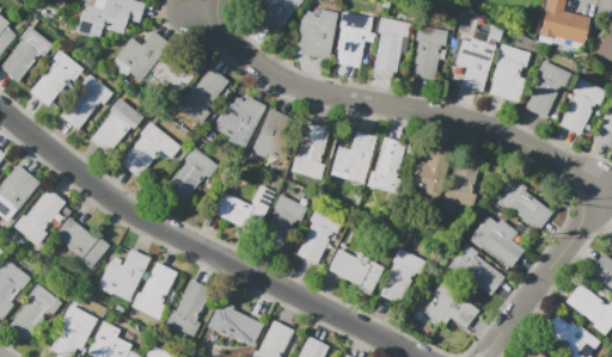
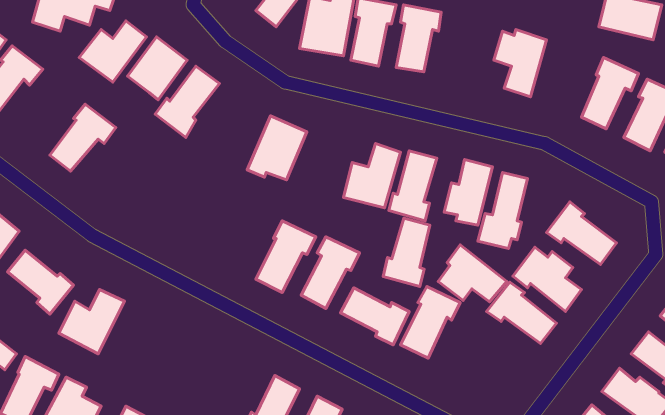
building: [411,25,448,80] -> none
building: [490,44,531,101] -> none
building: [59,74,114,129] -> none
building: [215,96,265,148] -> none
building: [120,122,179,177] -> none
building: [290,123,329,179] -> [383,218,430,287]
building: [165,147,219,202] -> none
building: [210,185,275,233] -> none
building: [131,263,177,320] -> none
building: [165,279,212,337] -> none
building: [423,281,479,327] -> [438,245,507,302]
building: [206,300,263,346] -> none

